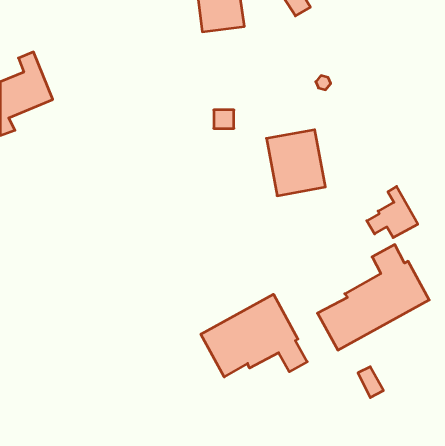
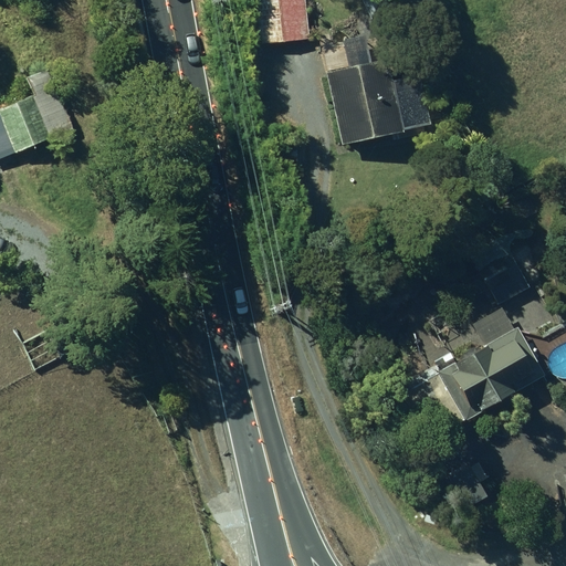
building: [266,130,325,196] -> [328,56,402,139]
building: [201,294,307,377] -> none

